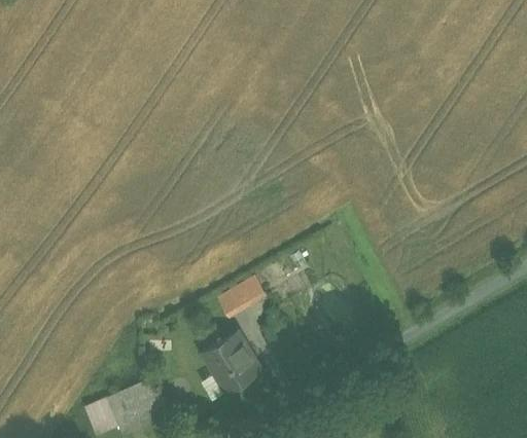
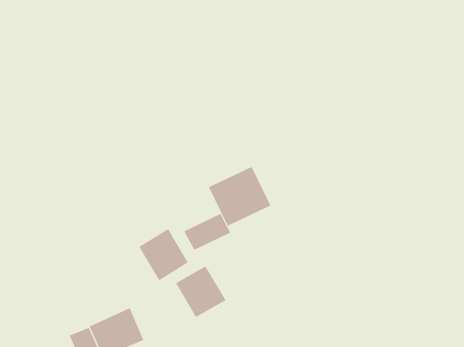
building: none -> [208,166,271,226]
building: none -> [139,228,189,281]

